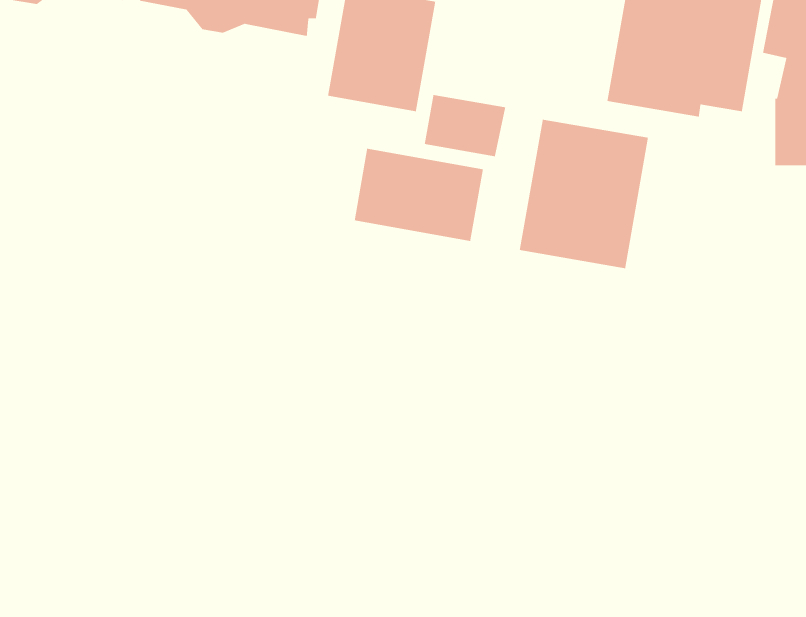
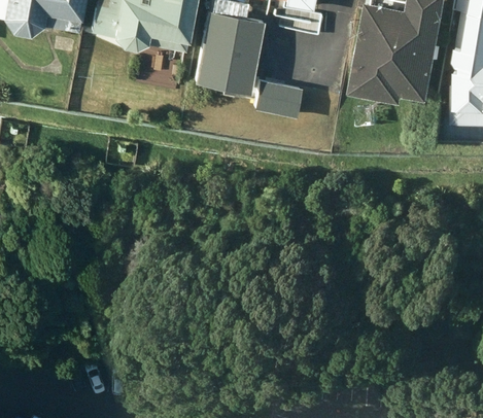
building: [519,119,649,269] -> none
building: [354,148,484,242] -> none

